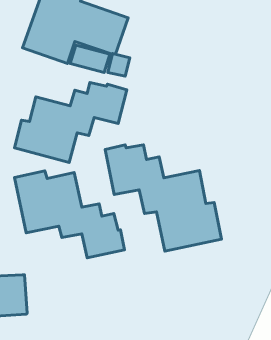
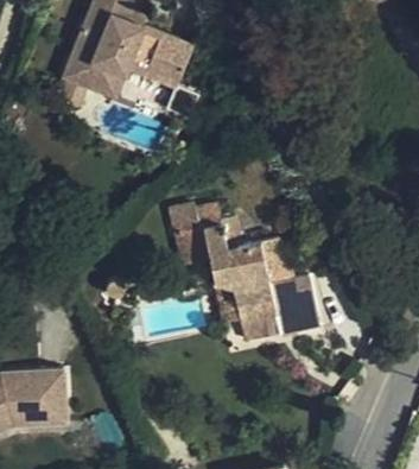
building: [15,82,127,162] -> none
building: [15,171,124,258] -> none

